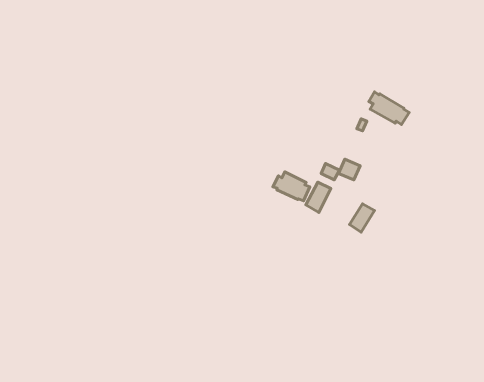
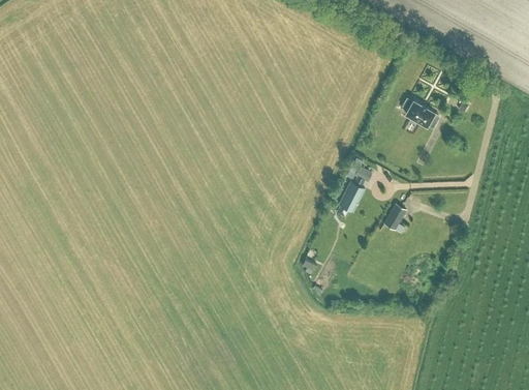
building: [273,172,310,201] -> none

